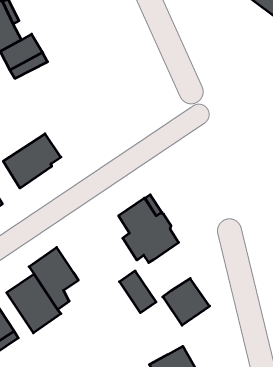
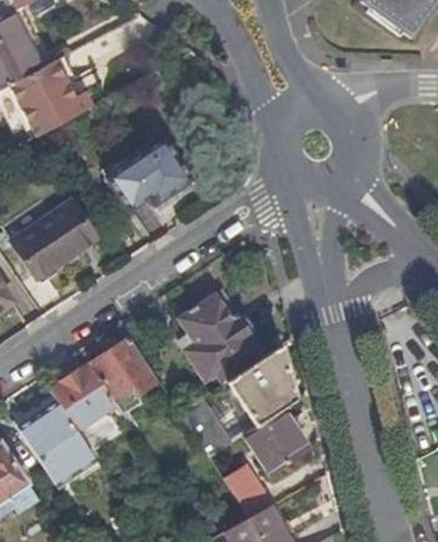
building: none -> [107,140,192,210]
building: none -> [90,338,158,400]
building: none -> [227,345,296,425]
building: none -> [223,466,270,517]

